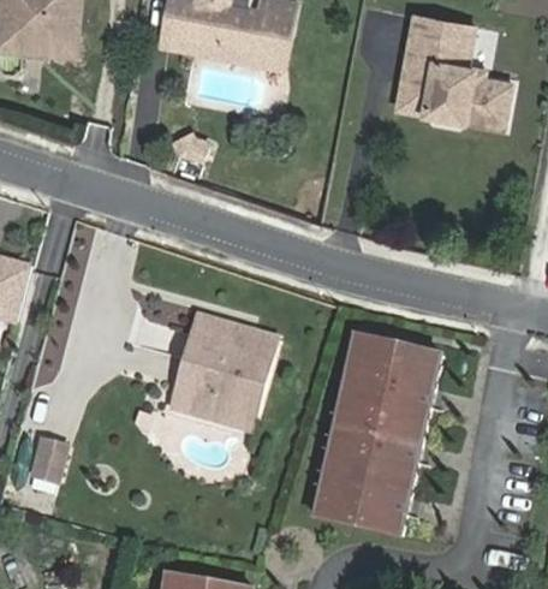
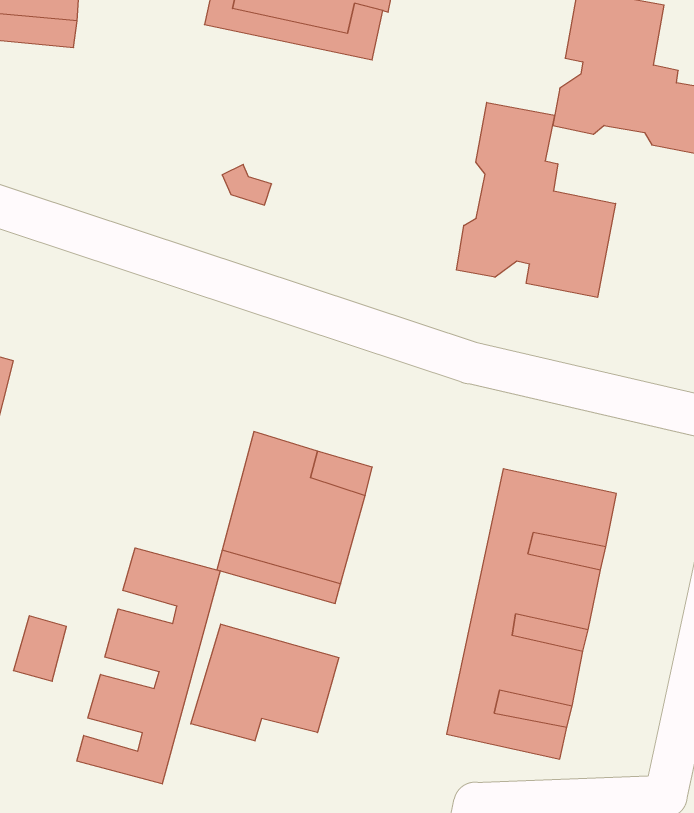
building: none -> [457,102,616,297]
building: none -> [77,548,220,784]
building: none -> [191,624,339,741]

